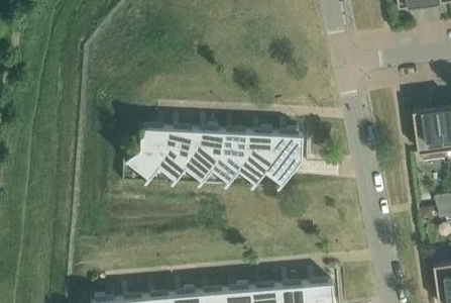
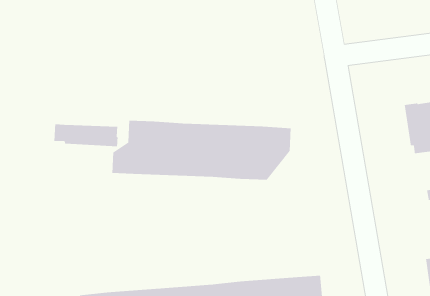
building: none -> [54,124,119,147]

